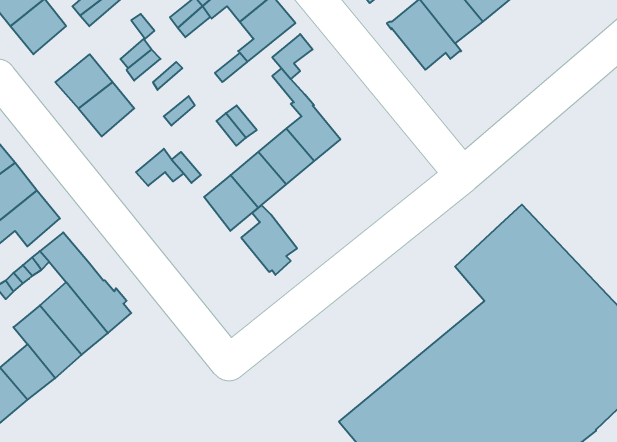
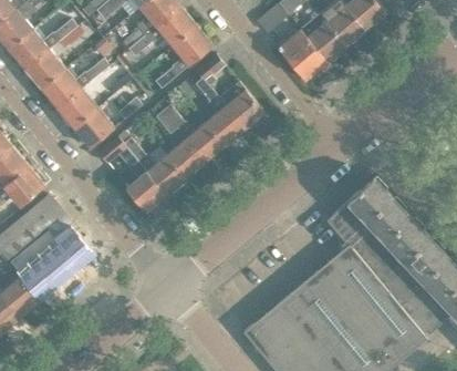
building: none -> [25,49,65,89]
building: none -> [219,81,266,130]
building: none -> [74,107,114,147]
building: [241,205,297,275] -> [126,164,166,214]

